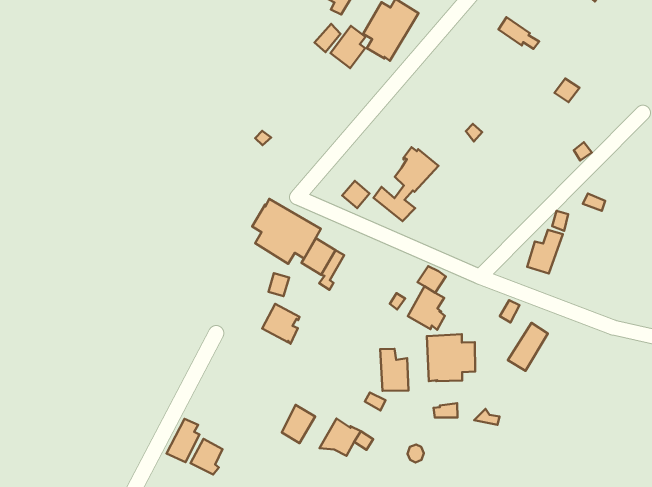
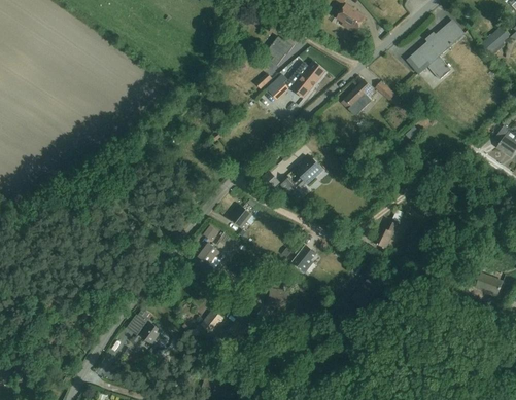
building: none -> [341,80,375,113]
building: [252,199,321,264] -> none
building: [427,334,475,381] -> none

